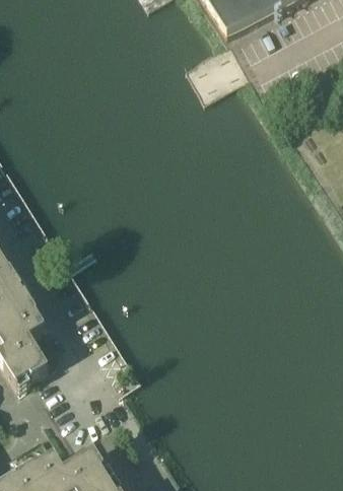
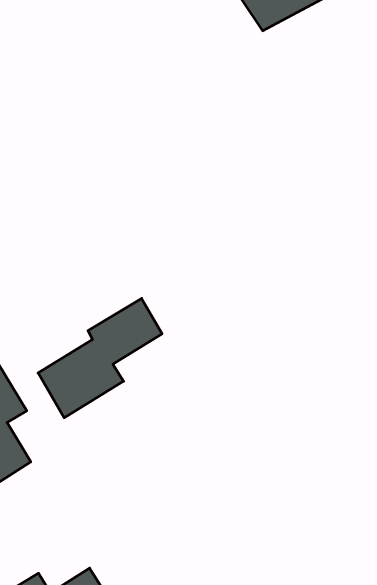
building: none -> [38,298,162,418]

